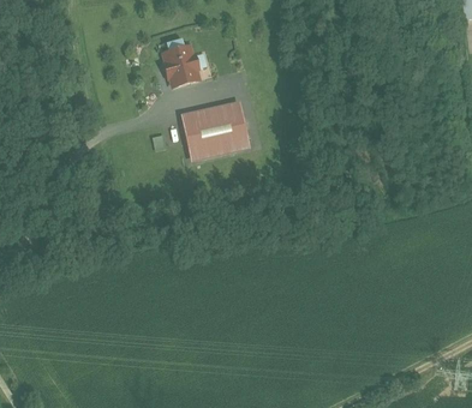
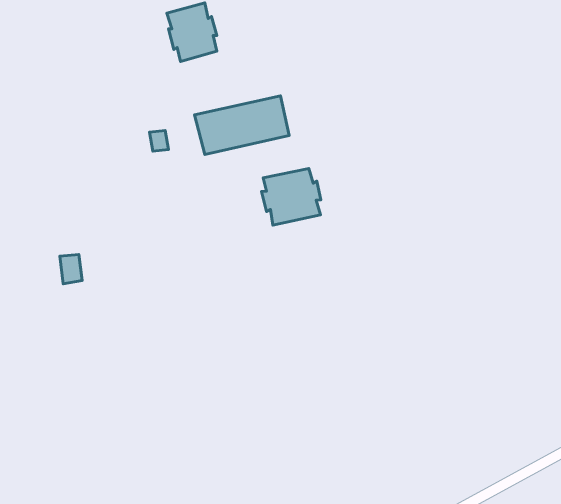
building: none -> [262,168,321,225]

